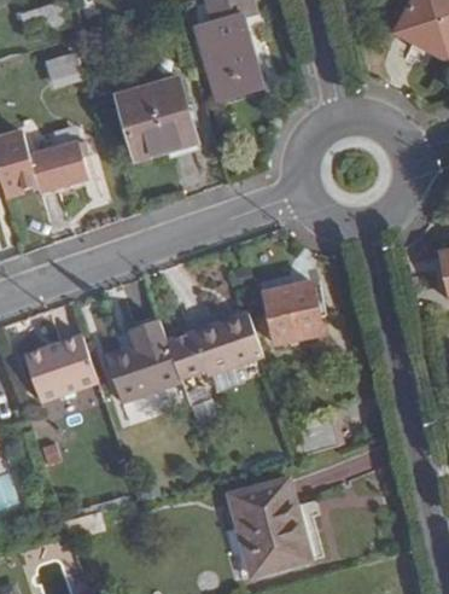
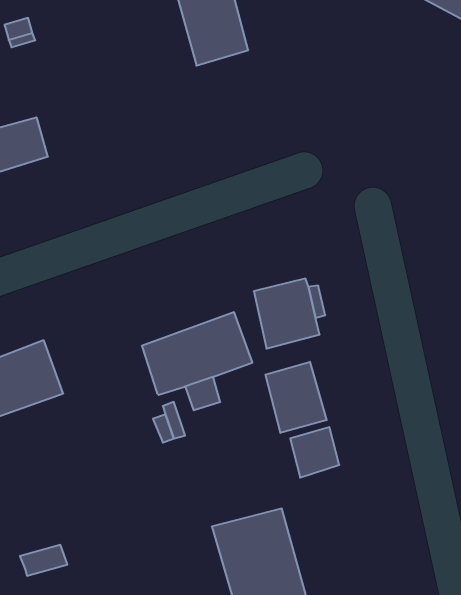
building: [117,77,196,158] -> none
building: [110,319,181,398] -> none
building: none -> [265,362,327,433]

